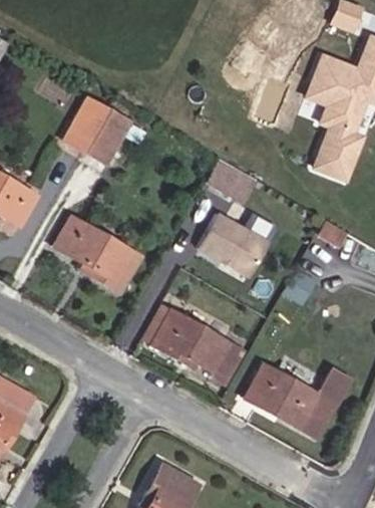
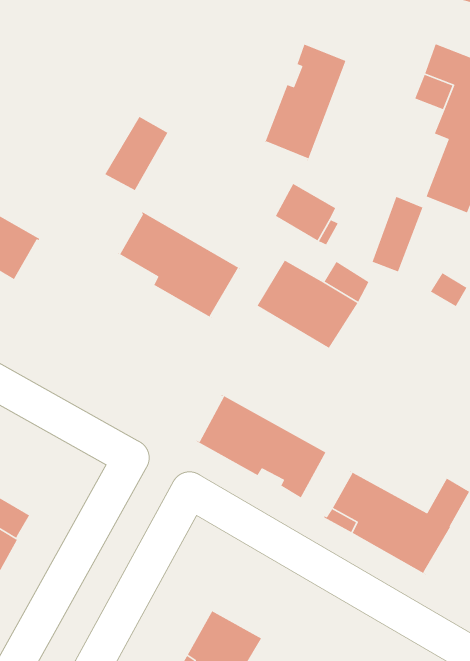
building: none -> [263,44,347,161]
building: [63,96,109,151] -> none
building: none -> [372,196,423,272]
building: [53,216,142,293] -> [117,211,241,319]

